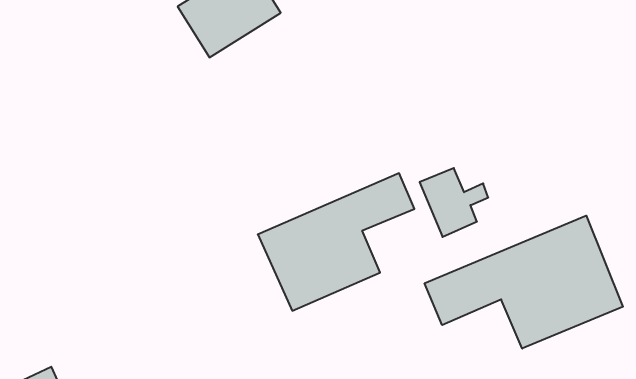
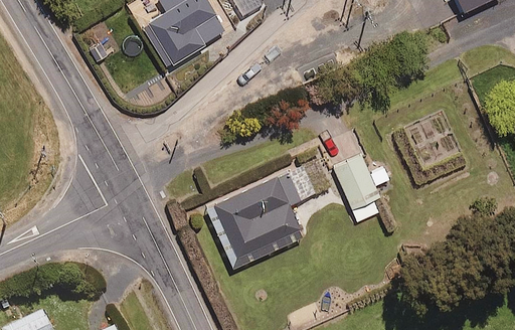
building: [425,216,623,349] -> none

